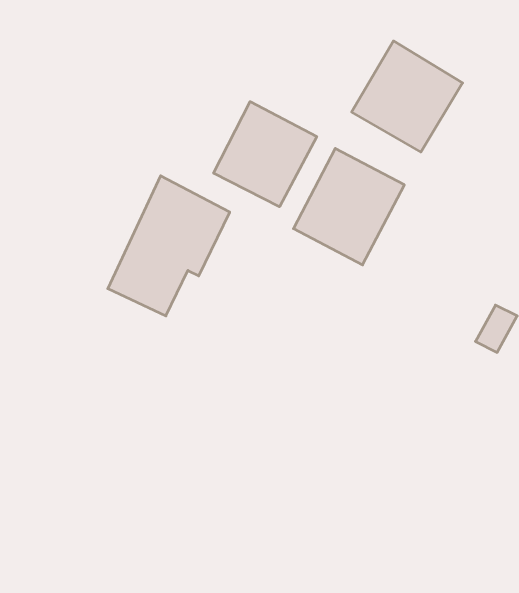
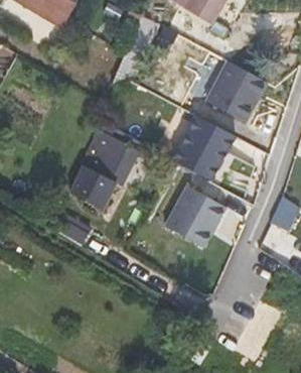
building: [214,102,317,207] -> none
building: none -> [163,185,223,246]

